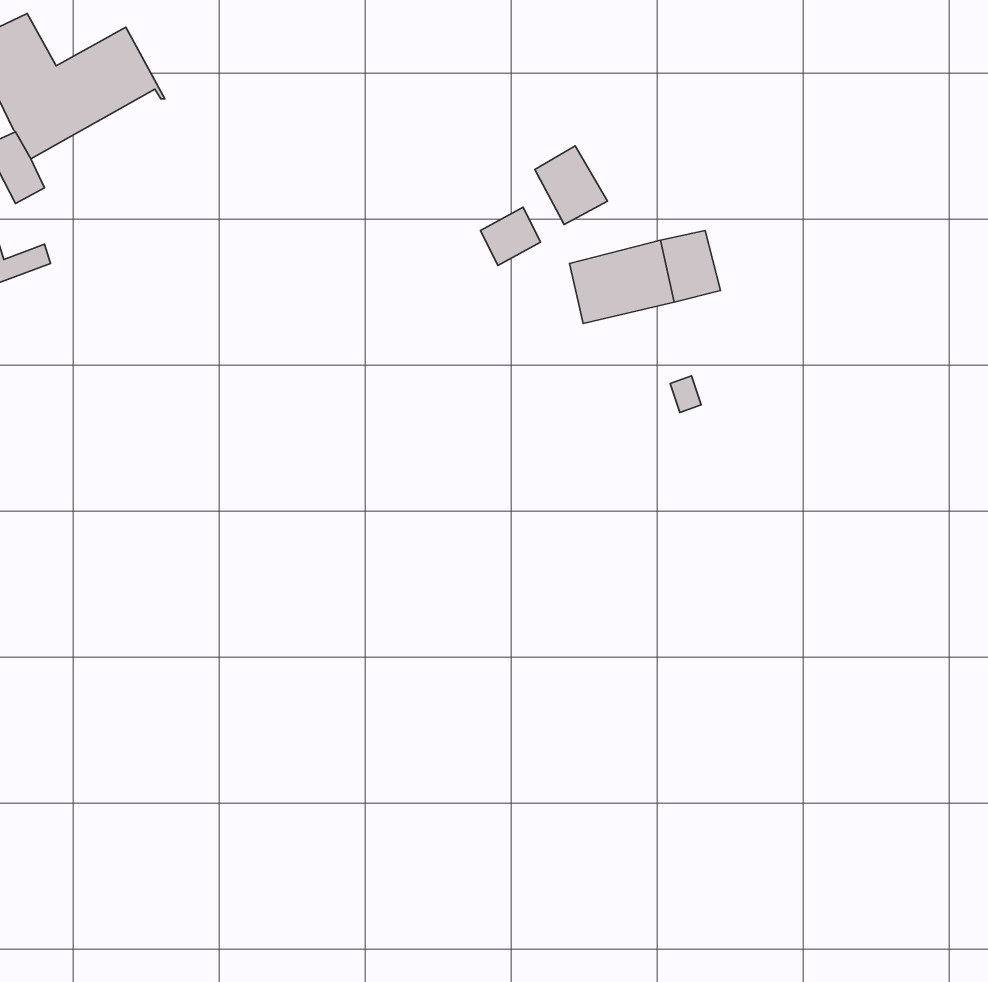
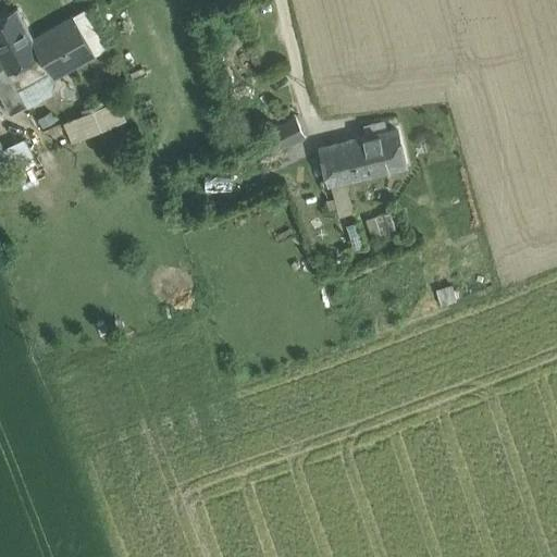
building: [535,146,607,225] -> none
building: none -> [62,102,126,145]

